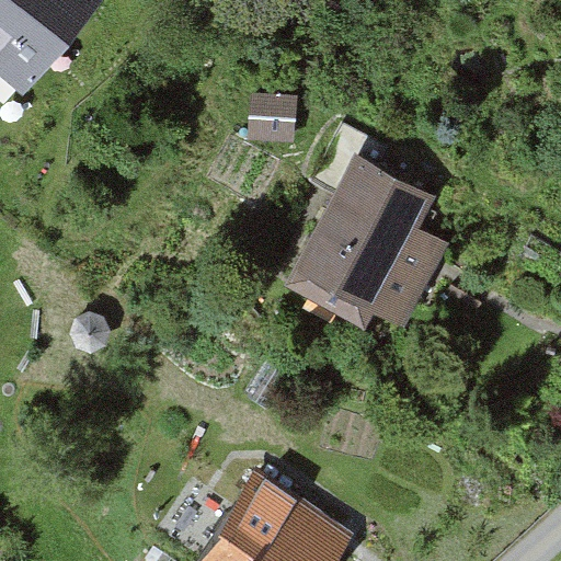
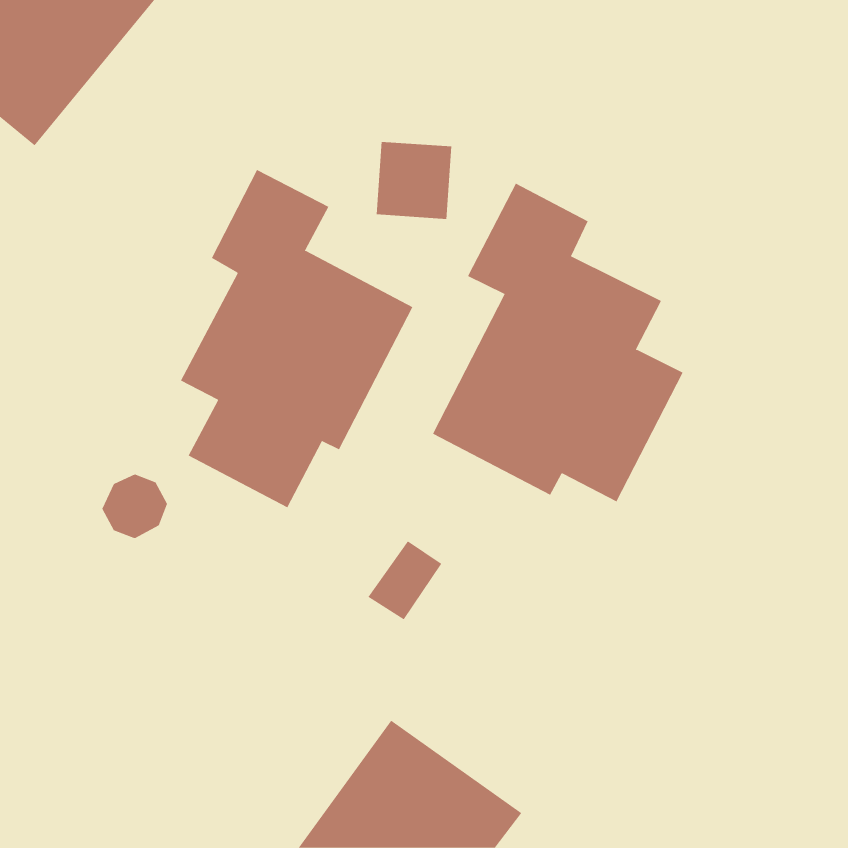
building: none -> [180,169,413,508]

